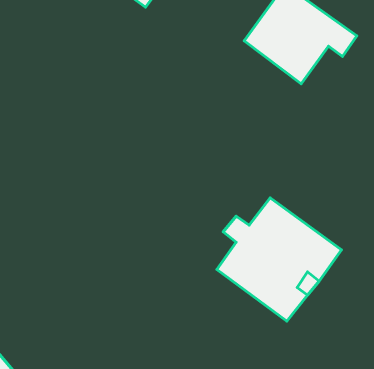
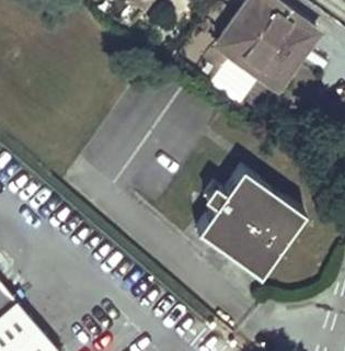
building: none -> [217,39,308,93]

